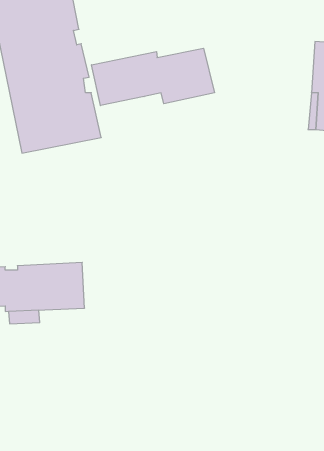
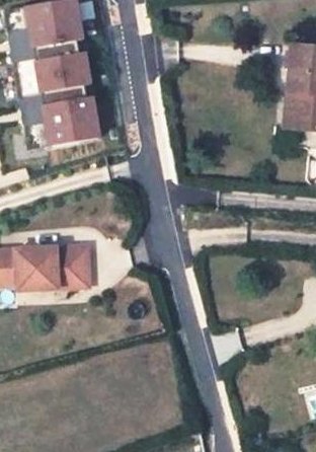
building: [92,48,214,106] -> none

